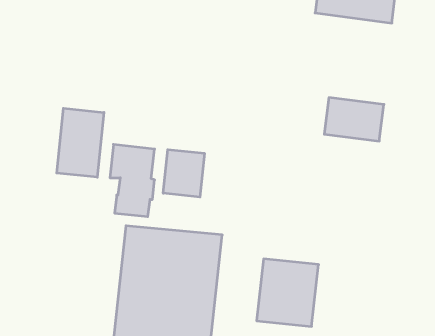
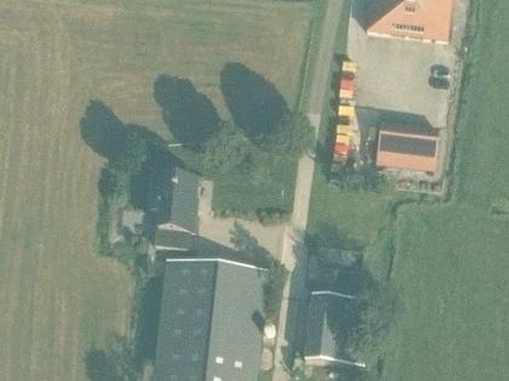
building: [57,108,104,177] -> none
building: [163,150,204,197] -> none

